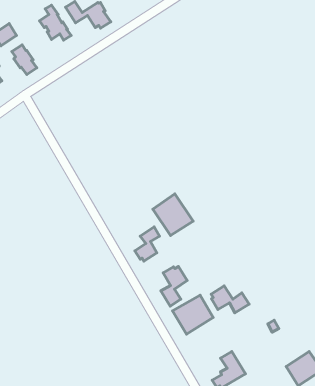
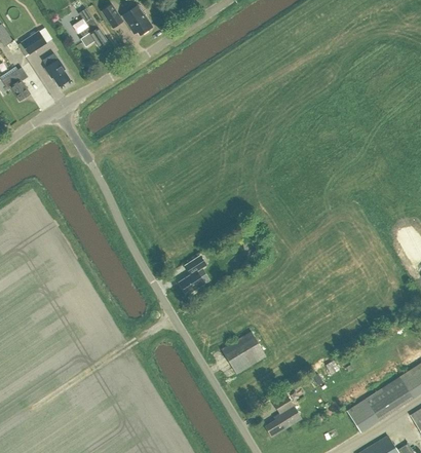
building: [153,194,193,235] -> none
building: [161,266,187,306] -> none
building: [211,286,249,313] -> none

